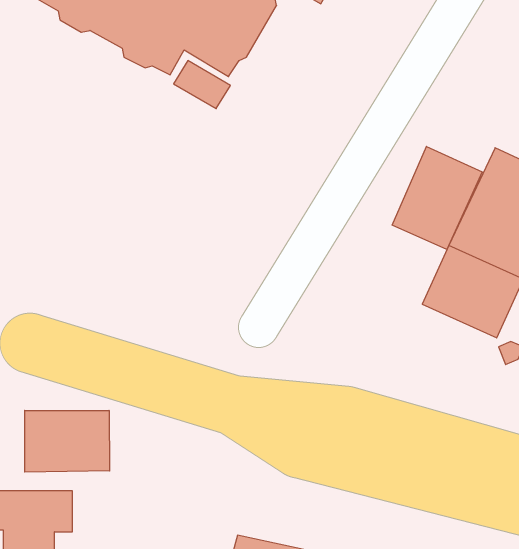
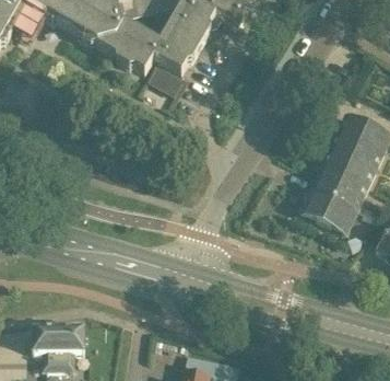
building: [392,146,482,250] -> none
building: [25,410,110,472] -> none

